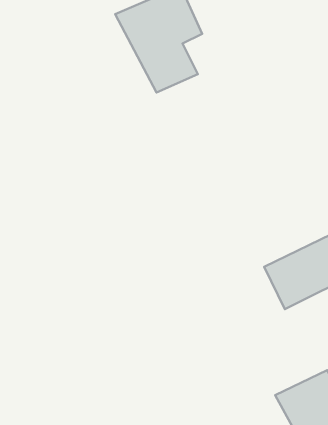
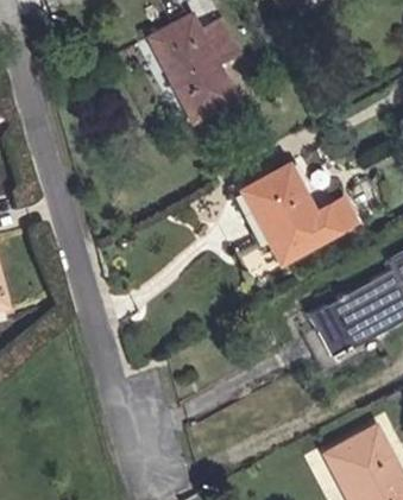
building: none -> [238,160,359,265]

